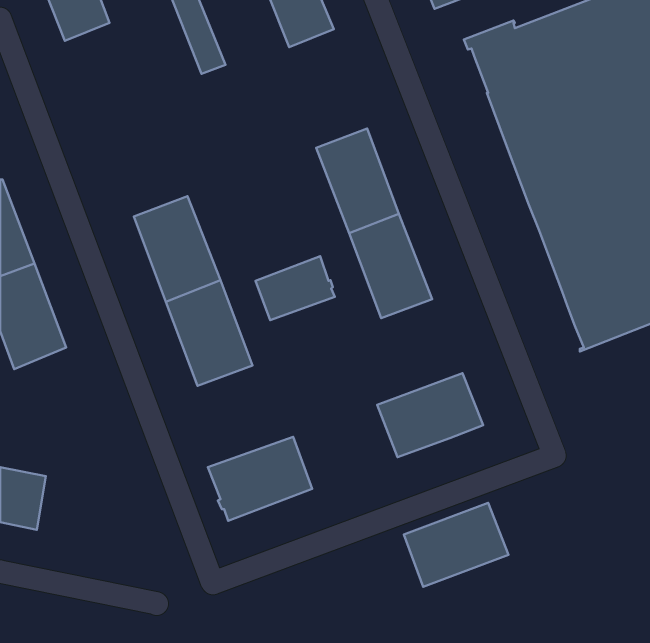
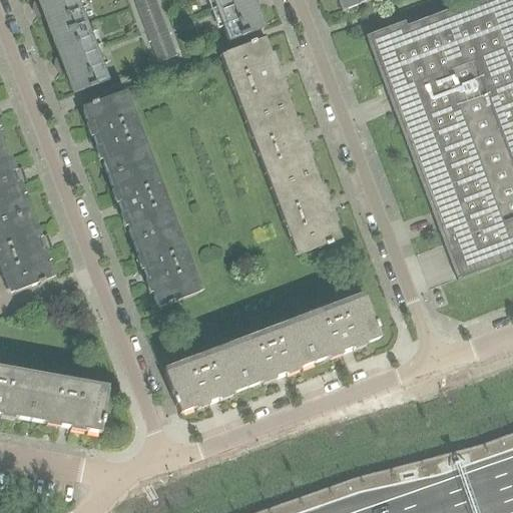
building: none -> [52,18,109,89]
building: none -> [223,34,290,116]
building: none -> [80,87,148,170]
building: [255,256,335,320] -> none
building: none -> [30,375,108,429]
building: [404,503,508,587] -> [231,319,314,385]

